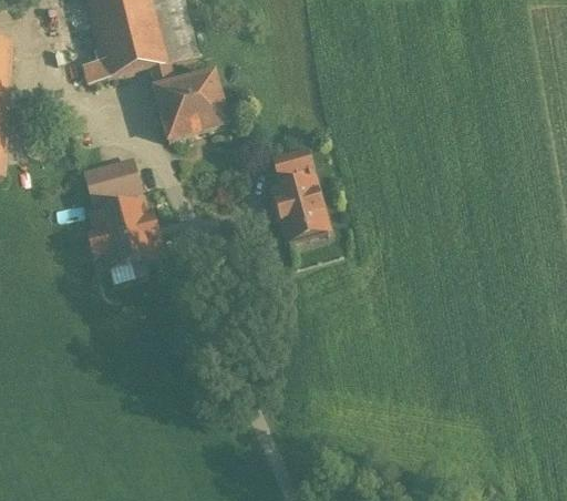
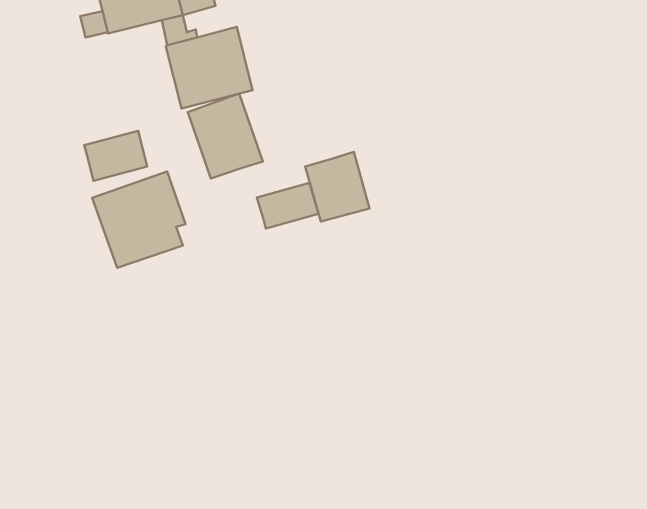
building: none -> [188,94,263,179]
building: [272,149,311,182] -> none
building: none -> [257,183,319,228]

